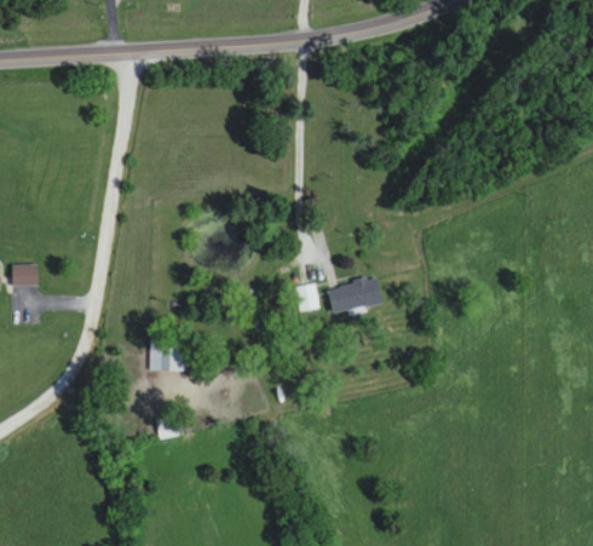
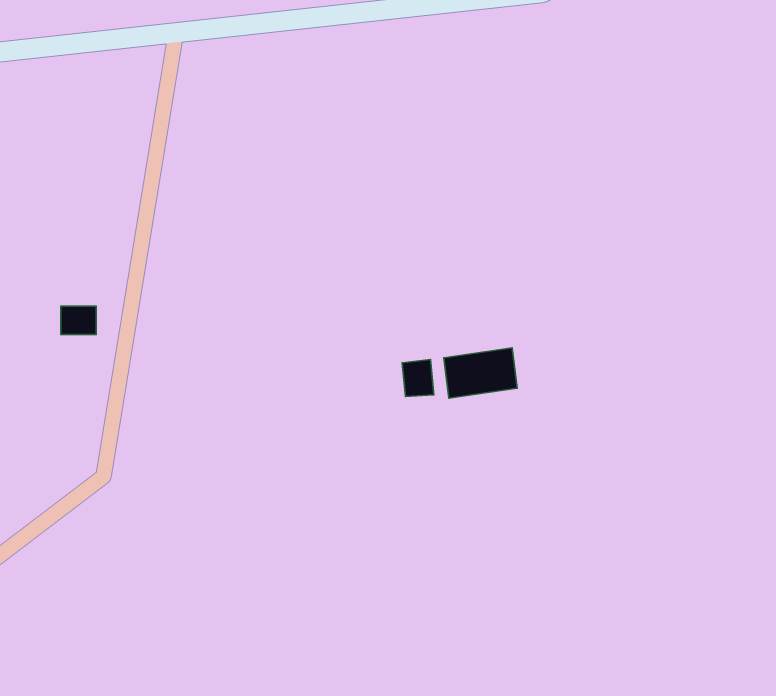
building: [12,264,38,285] -> [61,306,96,335]
building: [151,347,185,369] -> none

